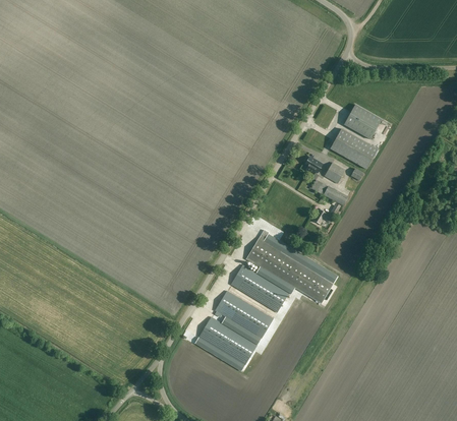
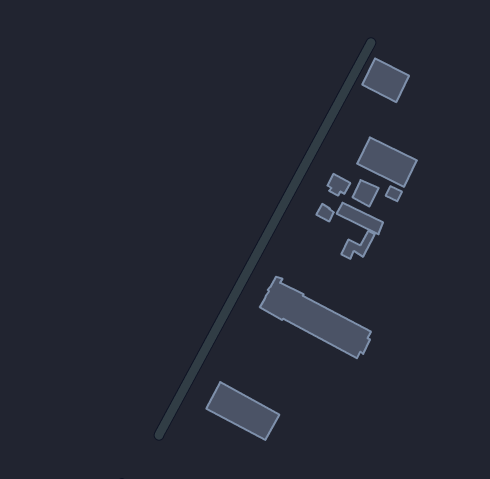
building: [344,104,382,139] -> [362,58,409,102]
building: [231,264,289,311] -> none
building: [216,291,273,338] -> none

